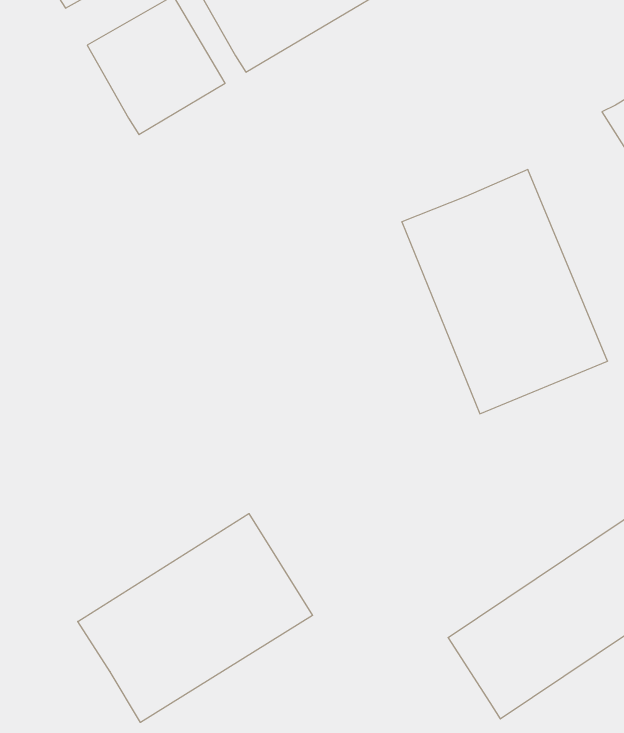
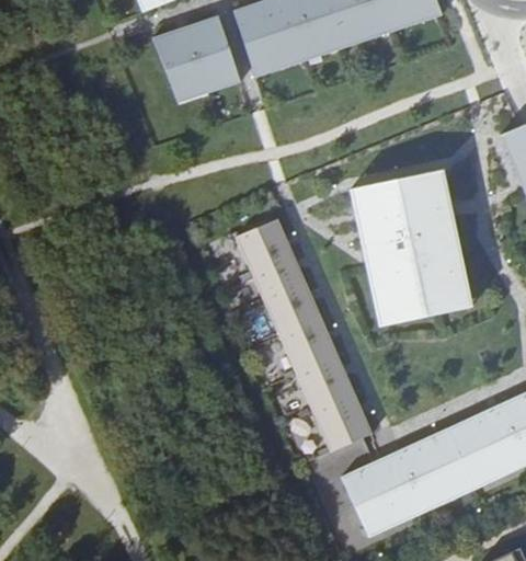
building: none -> [237,221,374,454]
building: [78,514,313,722] -> none

